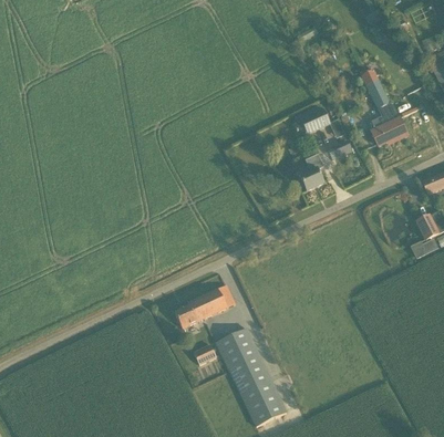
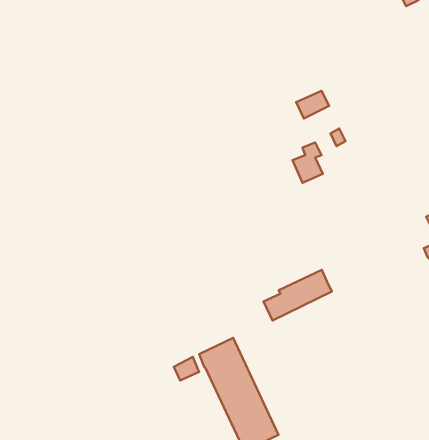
building: [362,71,407,147] -> none
building: [175,285,235,330] -> [264,270,332,320]

